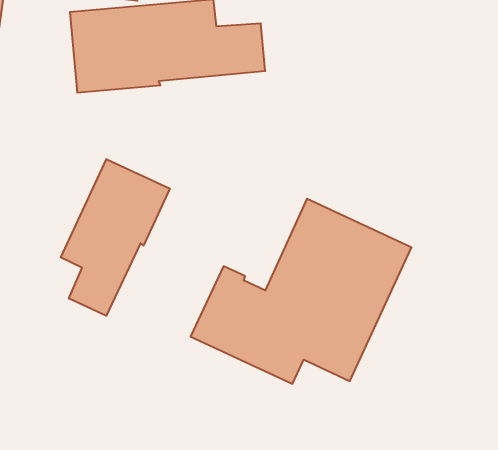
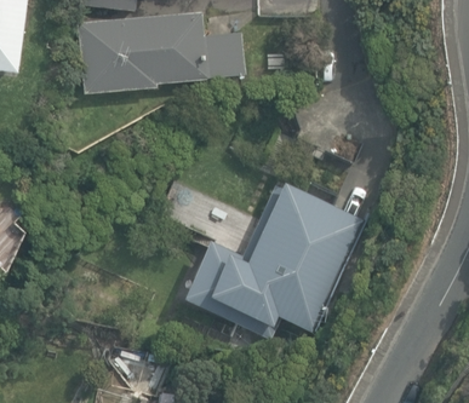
building: [61,159,170,316] -> none

